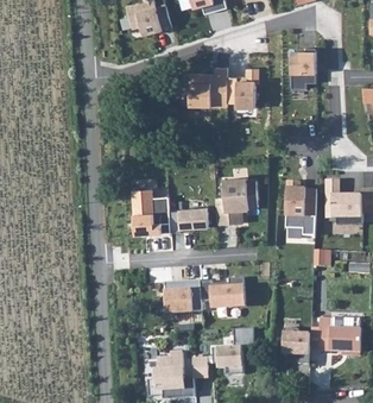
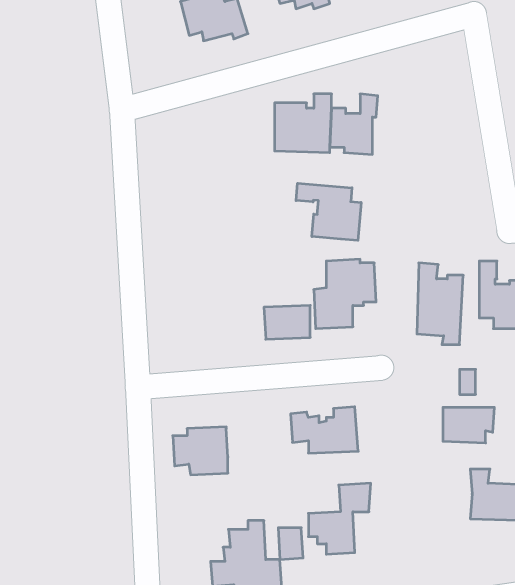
building: [290,49,315,89] -> none
building: none -> [296,183,361,240]
building: [132,189,170,235] -> none
building: [164,281,201,313] -> [173,427,228,475]
building: [286,335,321,359] -> [443,407,494,443]

